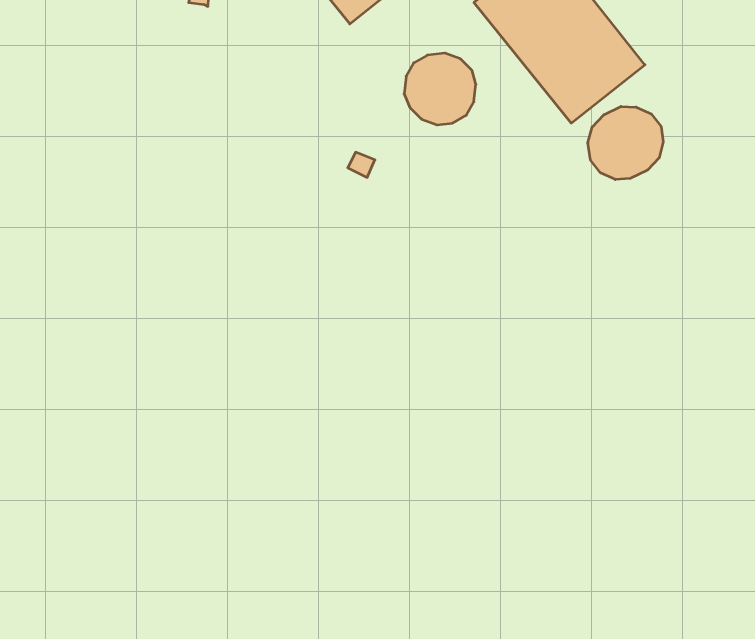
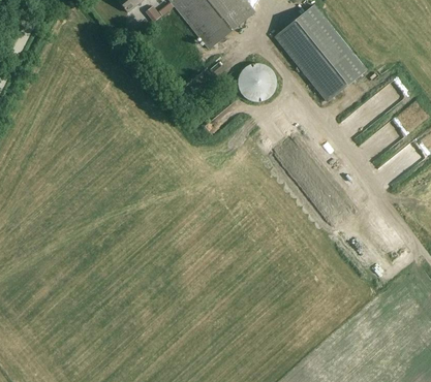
building: [588,106,663,180] -> none

